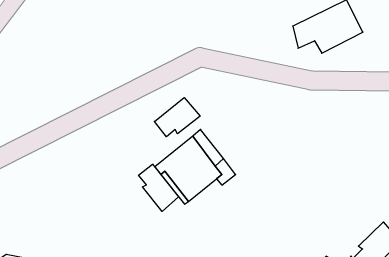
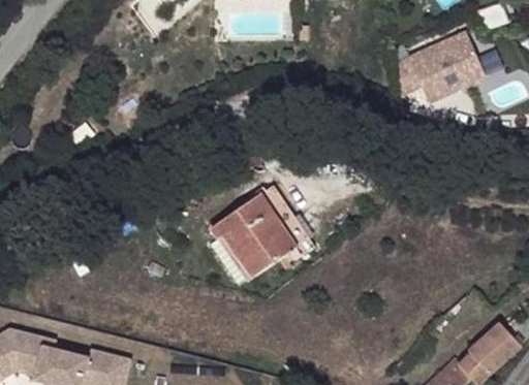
building: [154,98,200,137] -> none
building: [139,164,179,211] -> none

